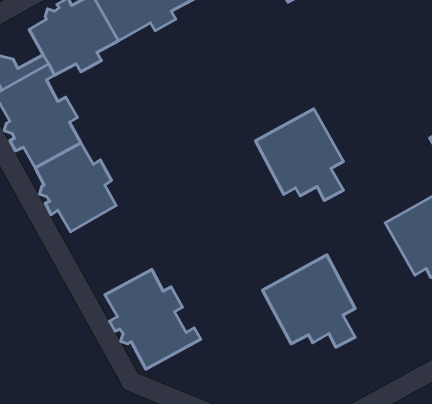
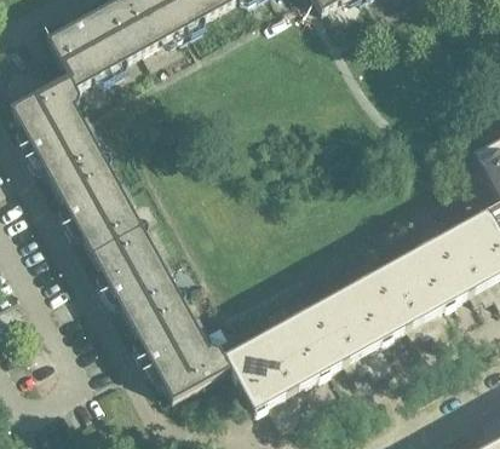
building: [255,109,343,200] -> [363,243,456,340]
building: none -> [92,225,178,320]
building: none -> [223,315,326,427]

